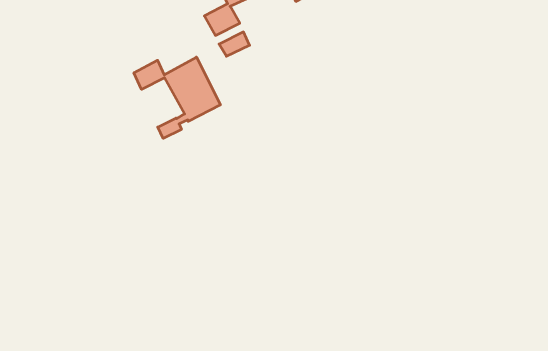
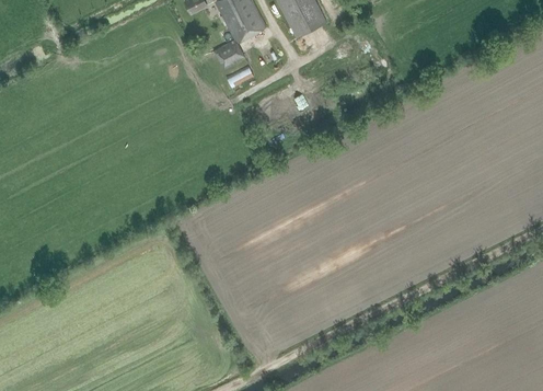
building: [134,57,220,138] -> none

